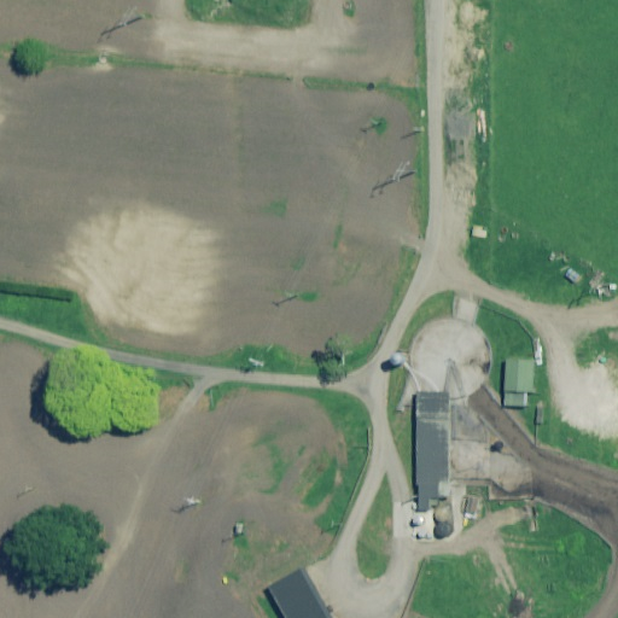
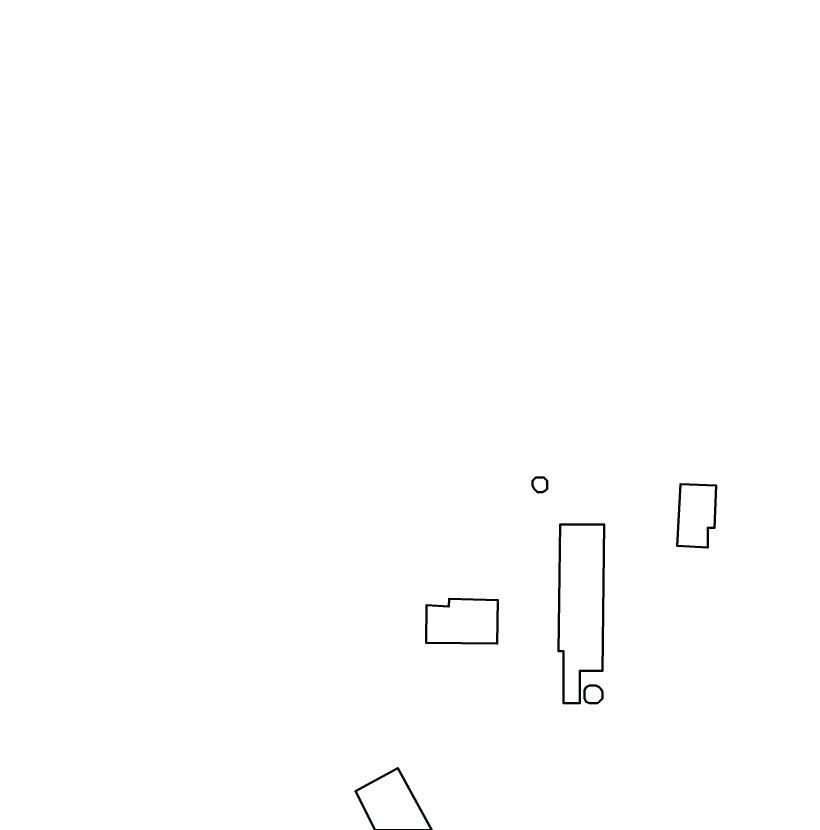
building: none -> [426,599,498,644]

